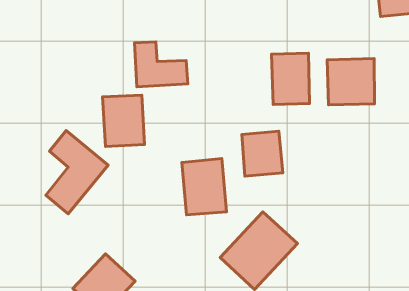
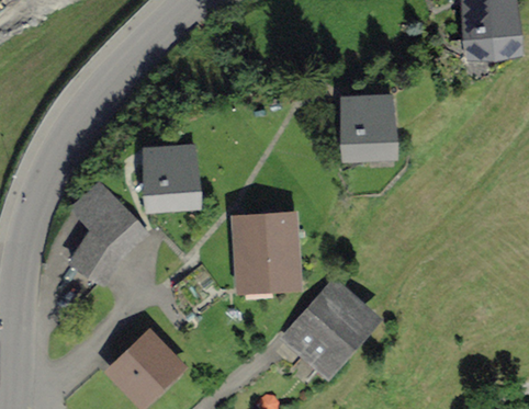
building: [134,42,188,87] -> none
building: [327,59,375,105] -> none
building: [242,131,283,176] -> none

